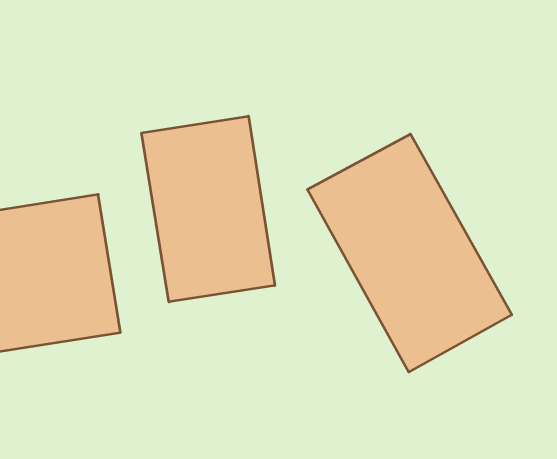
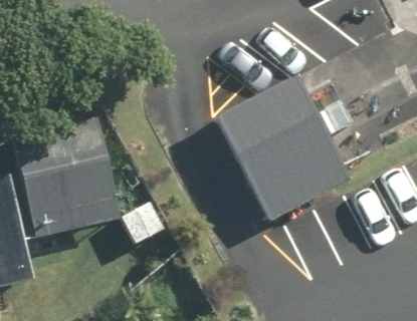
building: [142,116,275,302] -> none

